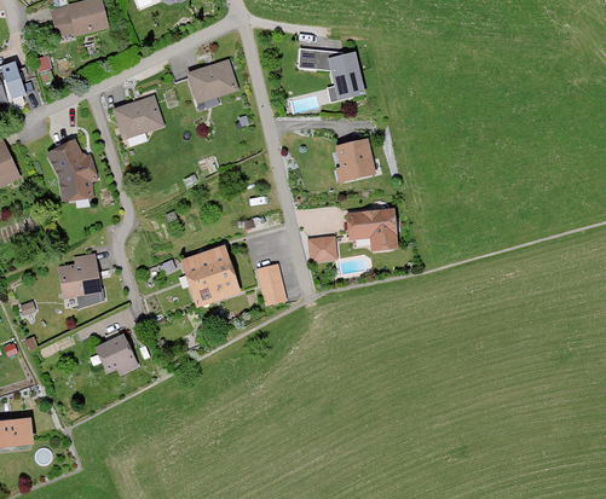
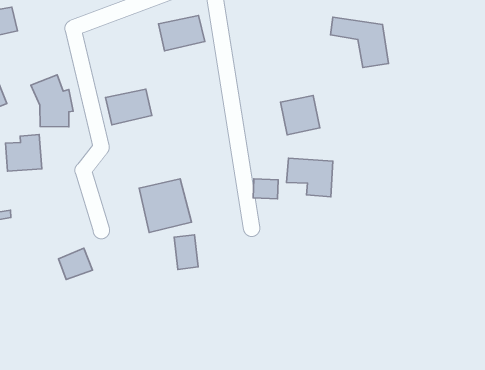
building: [298,48,367,103] -> [330,17,389,68]
building: [110,92,165,135] -> [106,89,152,125]
building: [57,253,100,297] -> [6,134,42,171]
building: [256,262,287,303] -> [174,235,198,269]

